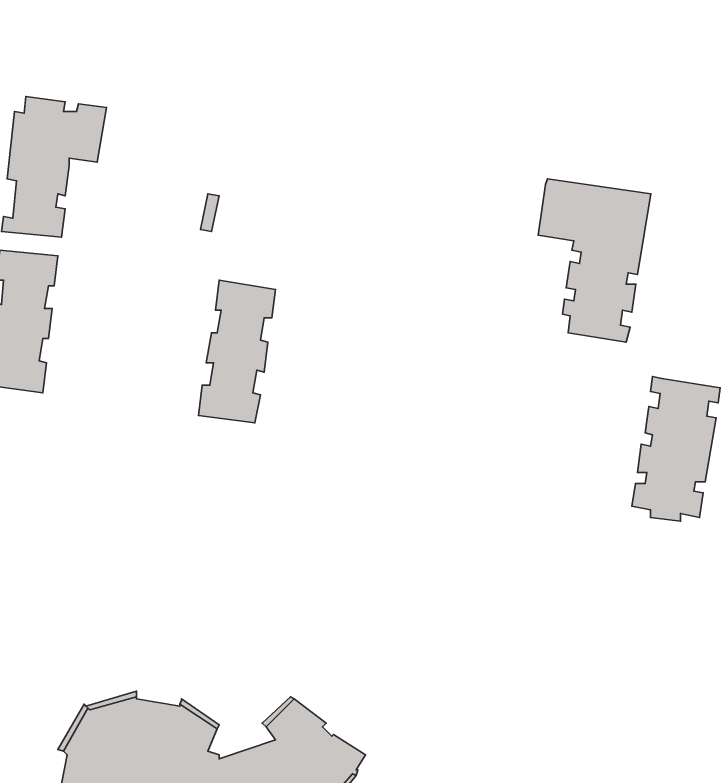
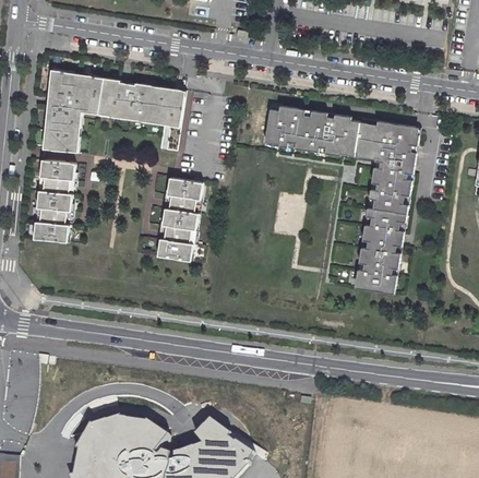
building: none -> [98,77,185,128]
building: none -> [265,104,359,155]
building: [632,377,720,521] -> [355,207,406,291]

